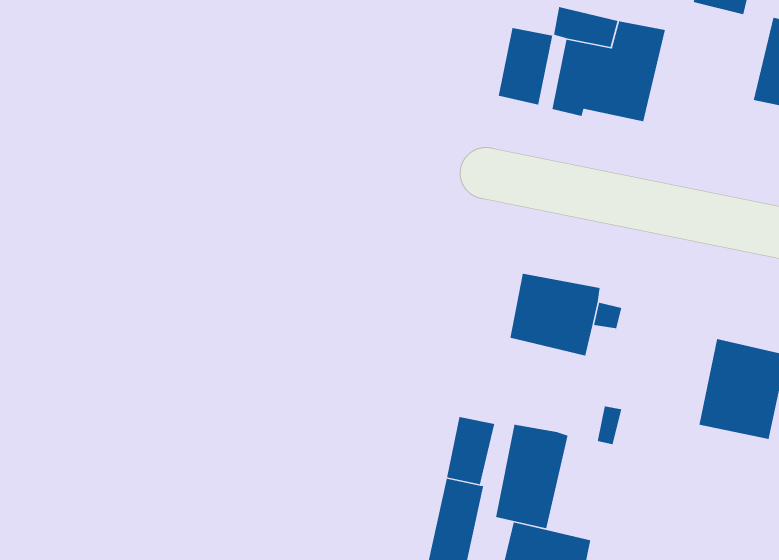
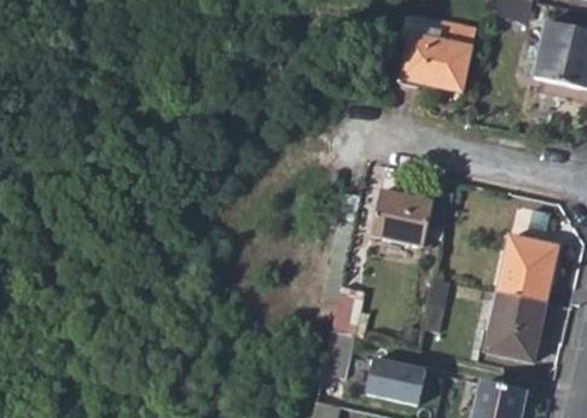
building: [498,27,553,106] -> none
building: [495,424,569,529] -> none
building: none -> [486,292,545,360]

